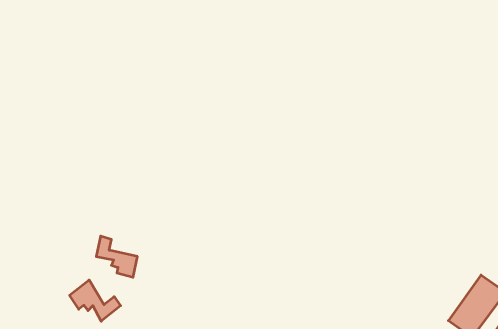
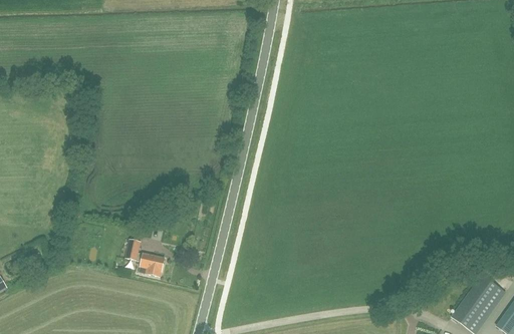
building: [70,280,121,321] -> none

